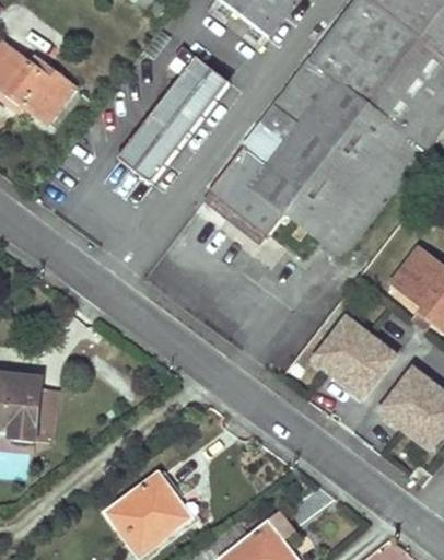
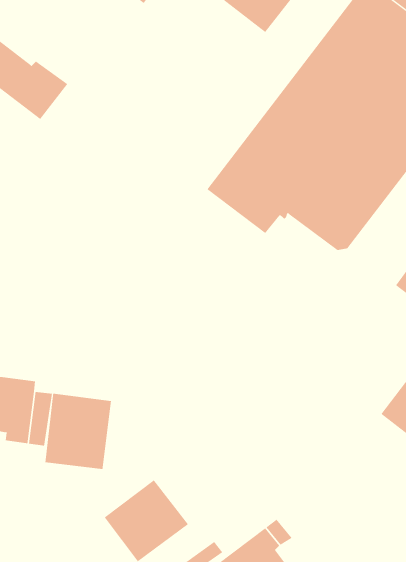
building: [119,46,226,182] -> none
building: [312,316,394,396] -> none
building: none -> [45,393,112,470]

